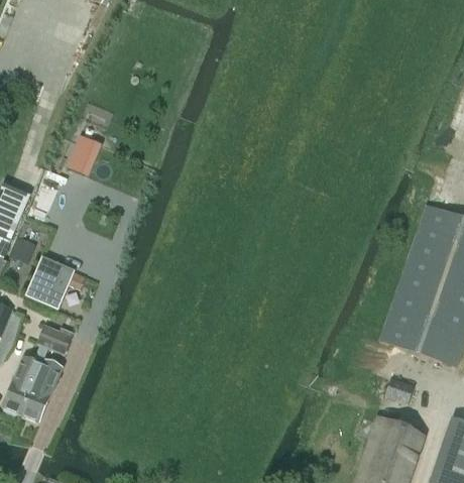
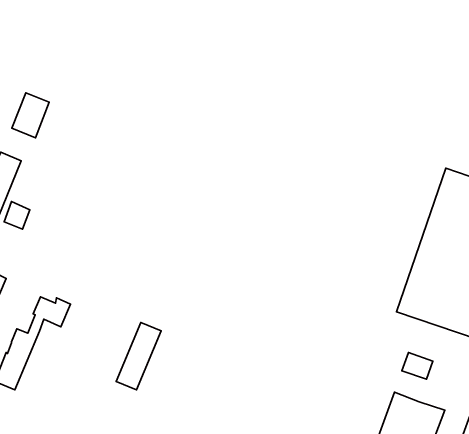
building: [65,134,100,176] -> [12,93,49,138]
building: [26,258,85,310] -> none
building: [20,358,63,421] -> [116,322,161,390]

